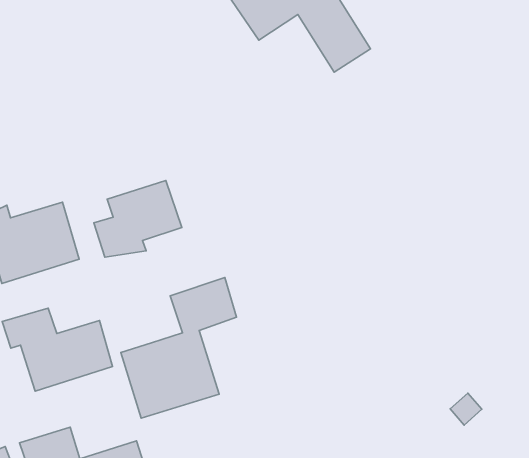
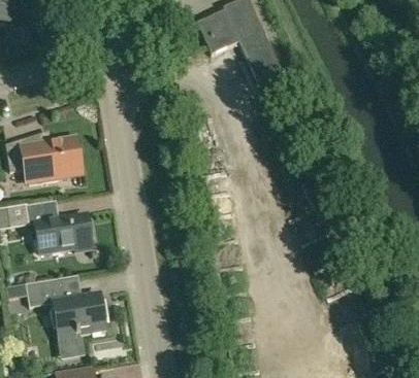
building: [94,180,182,257] -> none
building: [121,278,236,418] -> none

